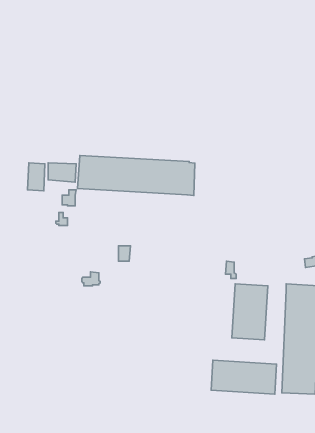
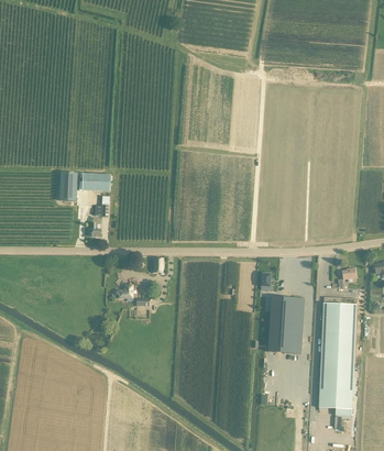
building: [78,155,195,195] -> none
building: [211,360,276,394] -> none

